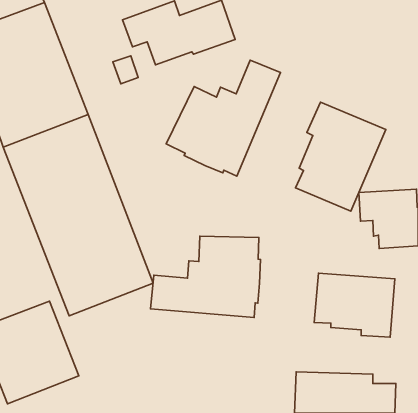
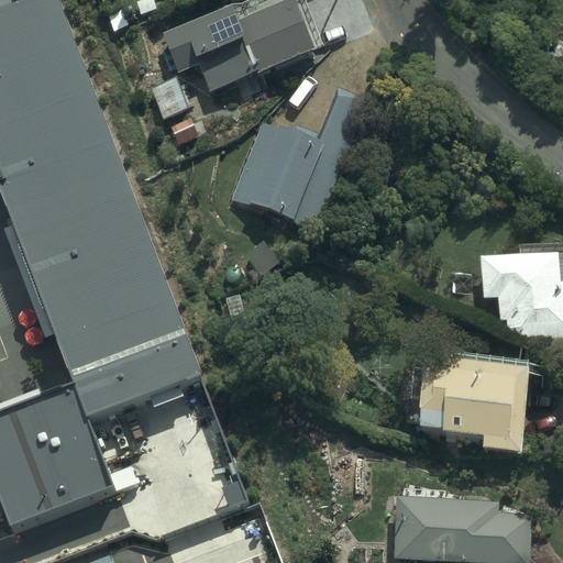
building: [296,102,386,211] -> none
building: [151,236,260,317] -> none

